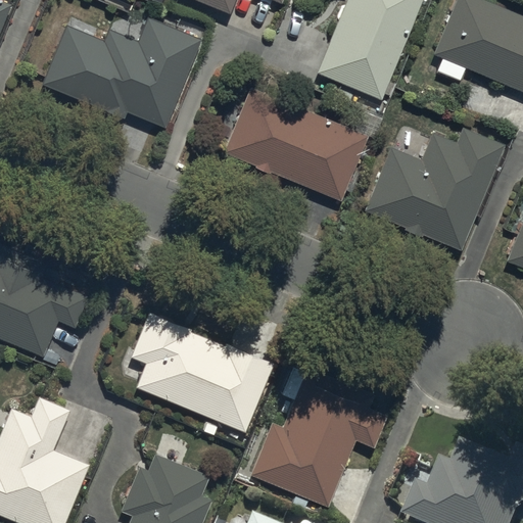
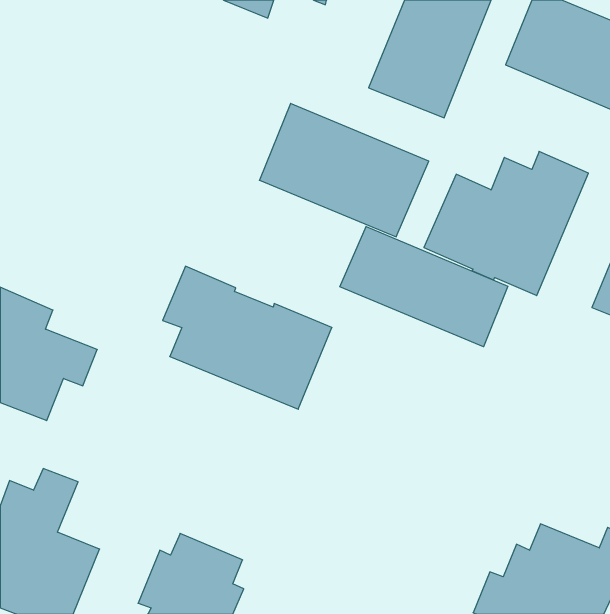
building: [43,19,200,129] -> none
building: none -> [340,226,508,347]
building: [130,313,274,434] -> [163,266,332,409]
building: [250,362,386,507] -> none

